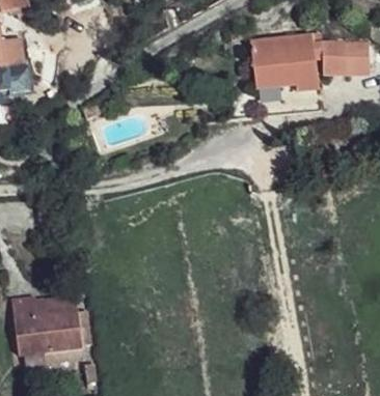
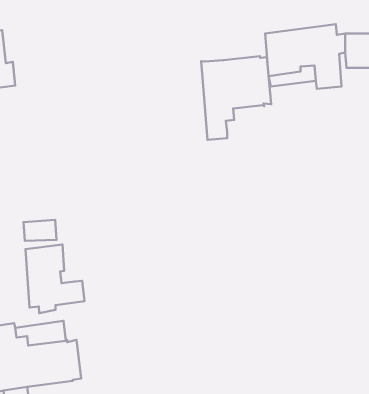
building: none -> [201,56,271,140]
building: none -> [25,244,85,313]

